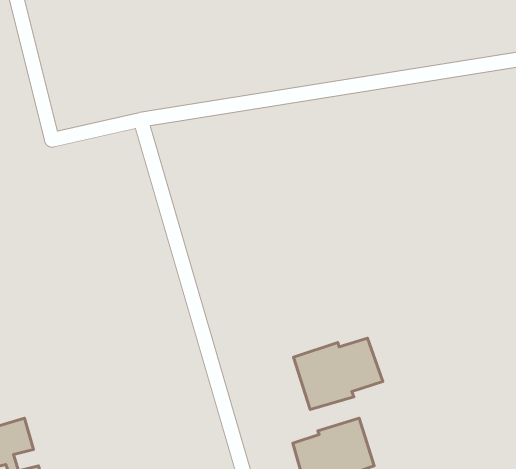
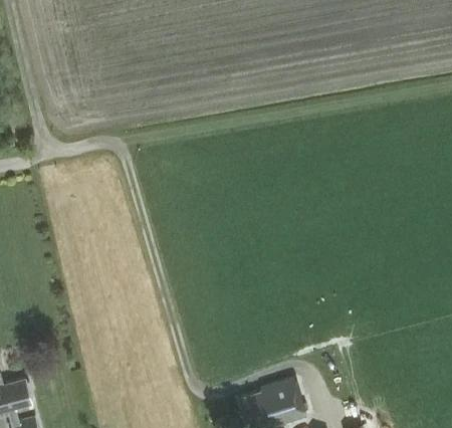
building: [294,338,383,410] -> none

